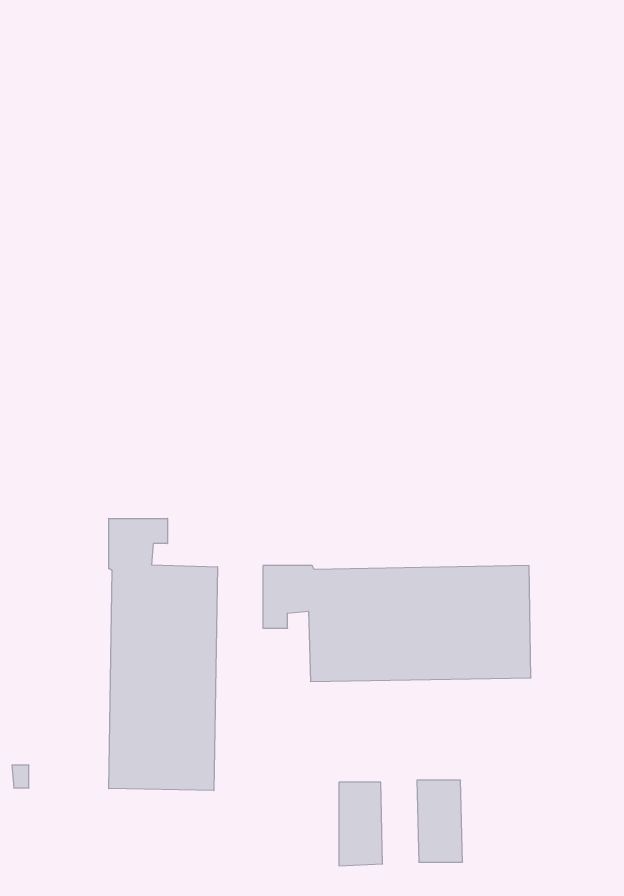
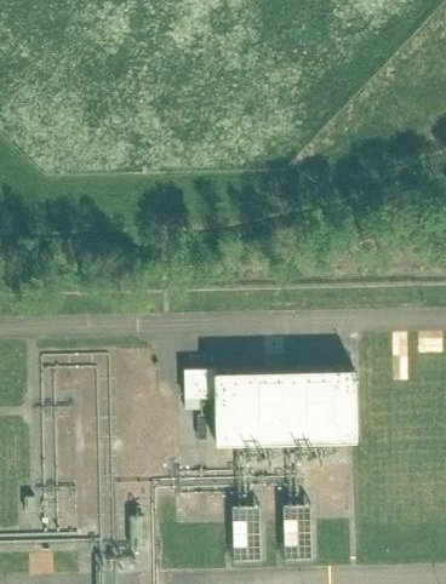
building: [109,518,217,791] -> none

